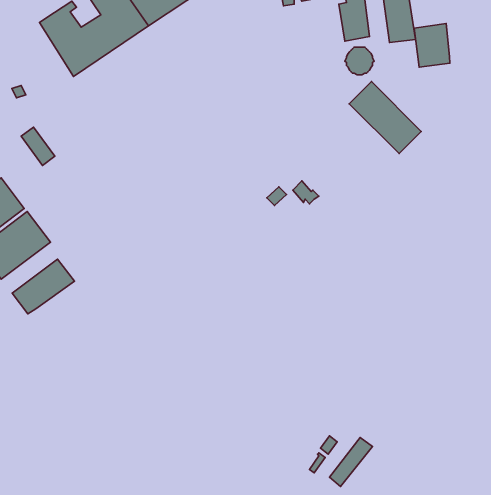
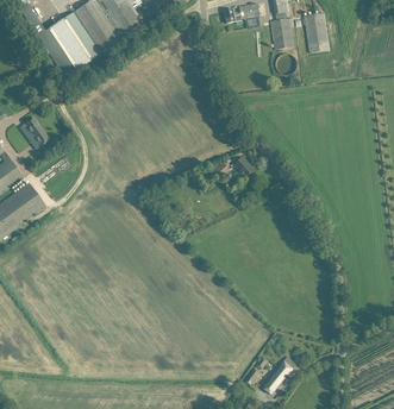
building: [414,23,450,67] -> none
building: [349,82,421,154] -> none
building: [12,259,74,314] -> none

